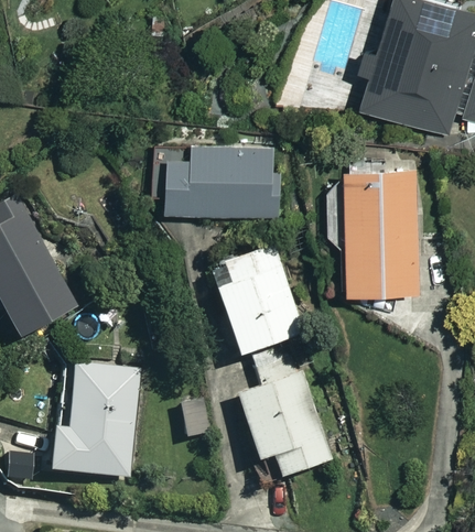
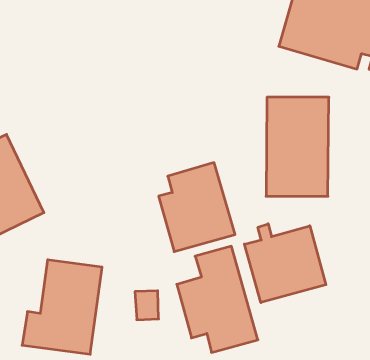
building: [160,143,287,217] -> none
building: none -> [244,224,326,303]

